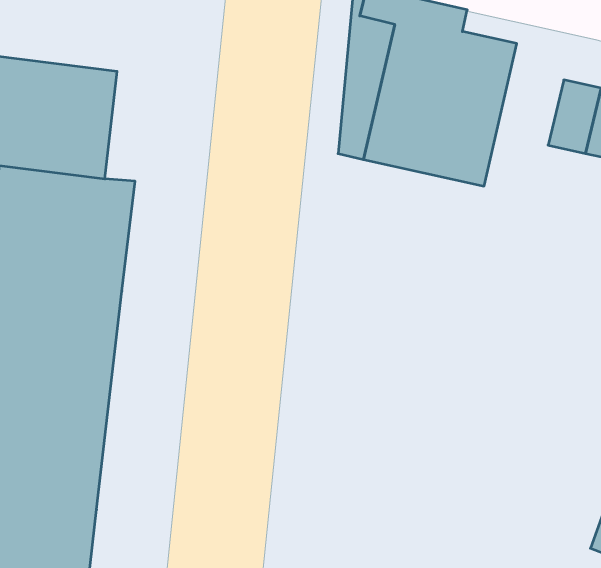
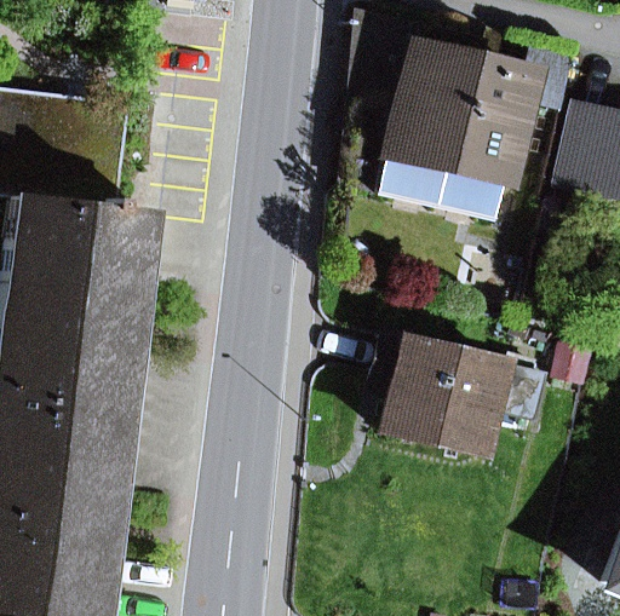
building: none -> [371,336,549,455]

